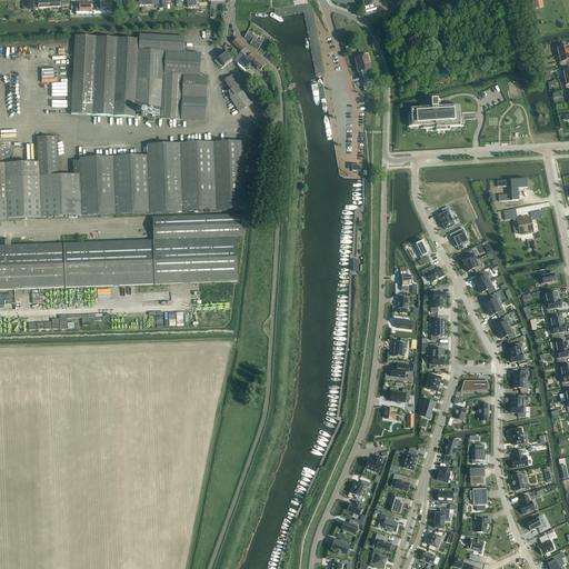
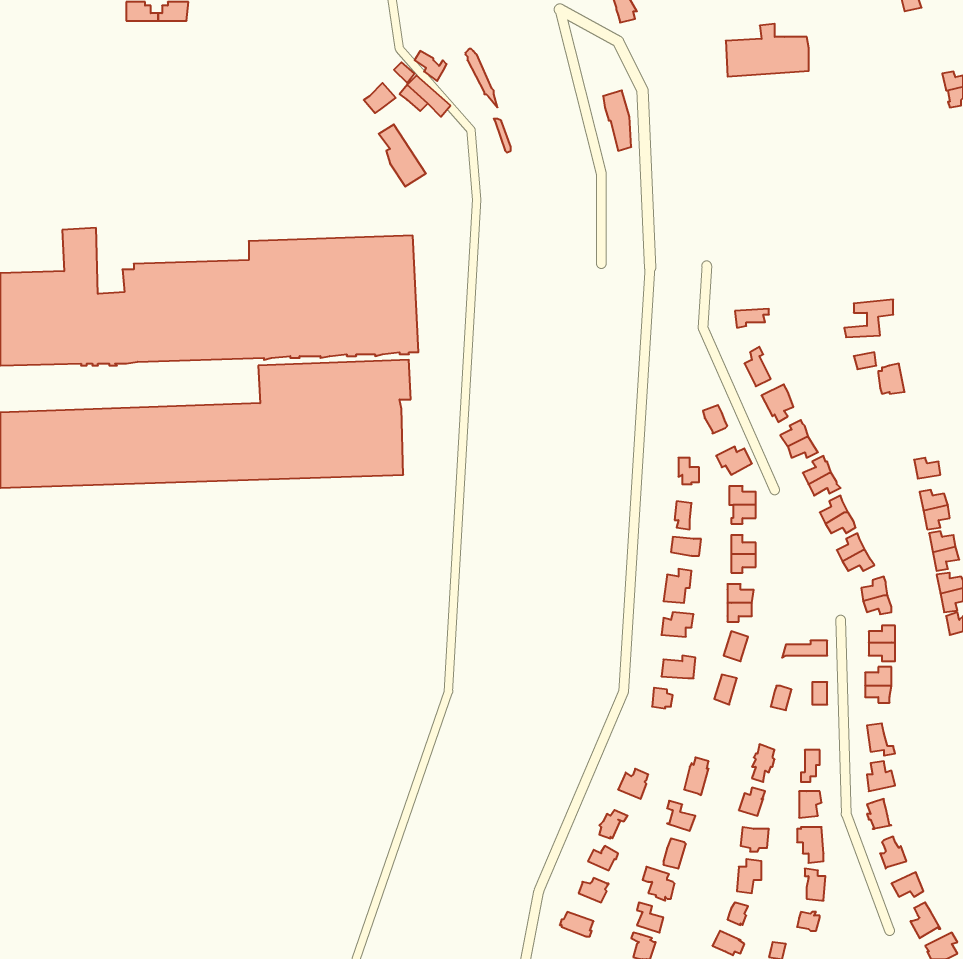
building: [71,32,208,120] -> none
building: [411,97,460,128] -> [726,24,809,77]

